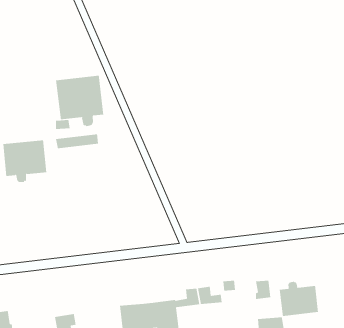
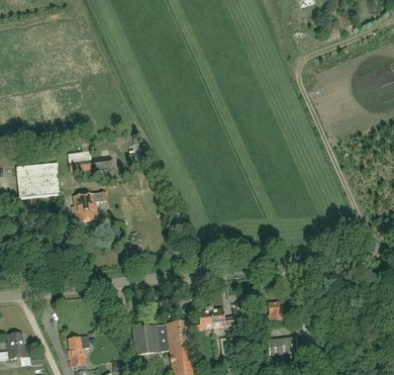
building: [56,75,104,127] -> none
building: none -> [74,192,106,221]
building: [279,281,319,317] -> none

